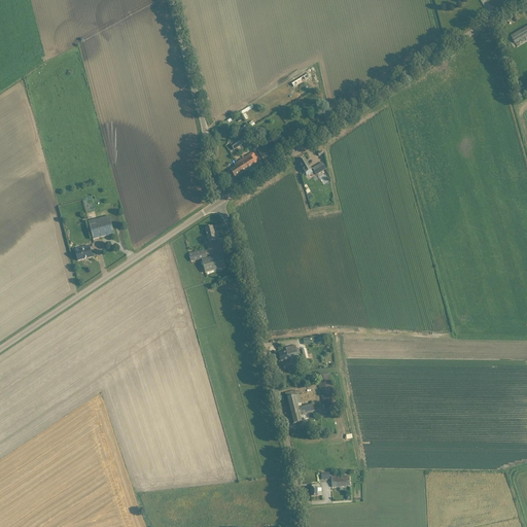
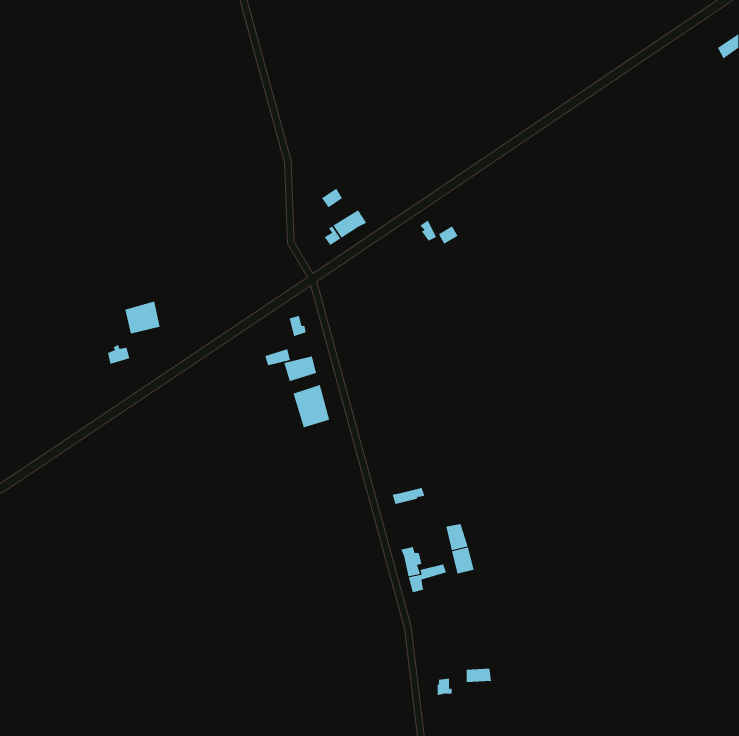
building: none -> [293,384,330,428]

